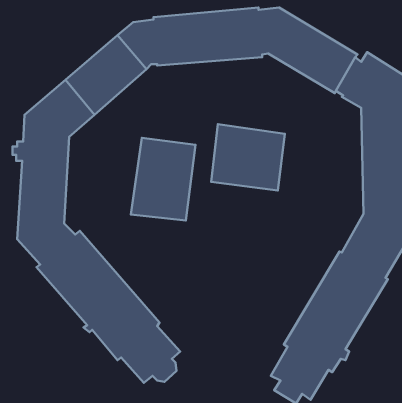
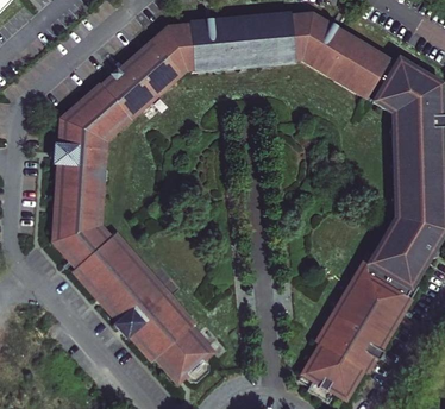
building: [211,124,285,190] -> none
building: [131,138,196,221] -> none

